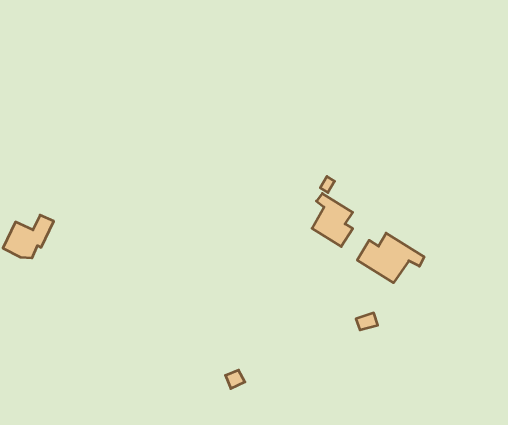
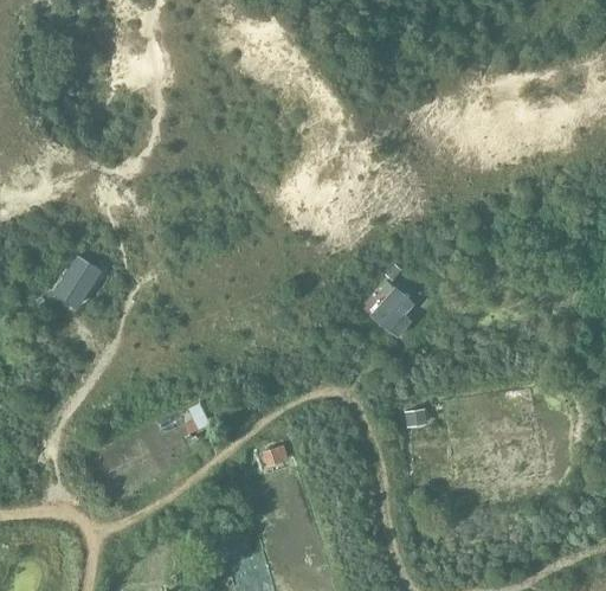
building: [357,233,424,283] -> none

